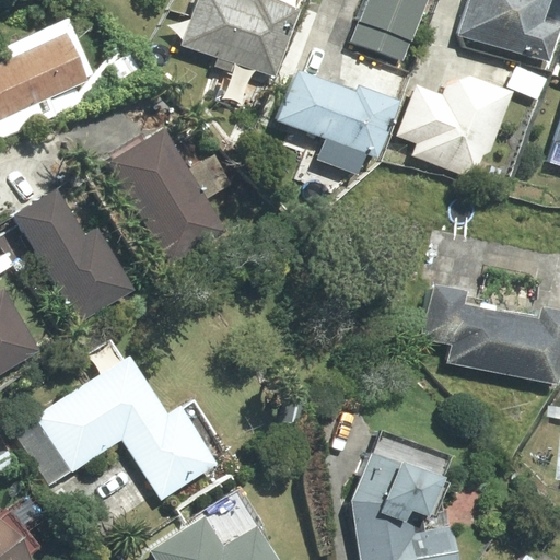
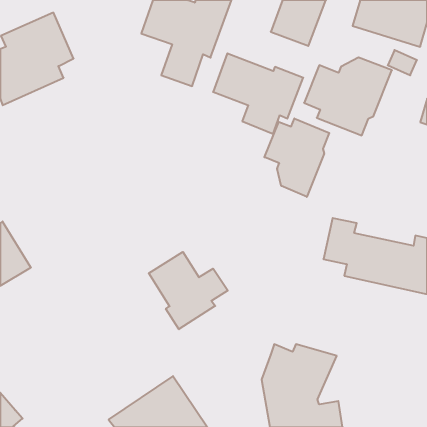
building: [109,129,232,262] -> none
building: none -> [264,118,329,197]
building: [14,190,135,323] -> none
building: none -> [149,252,228,329]
building: [9,360,214,502] -> none

